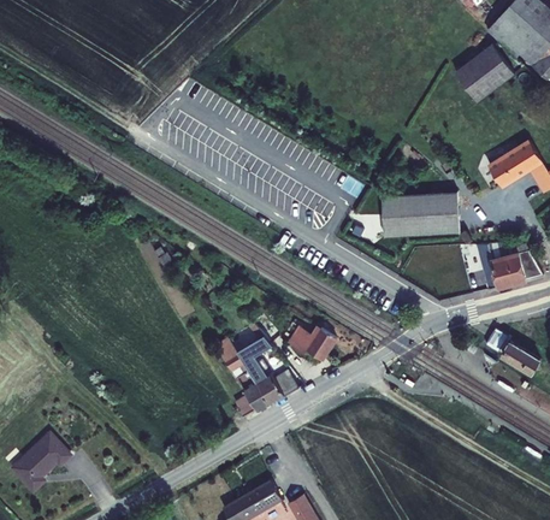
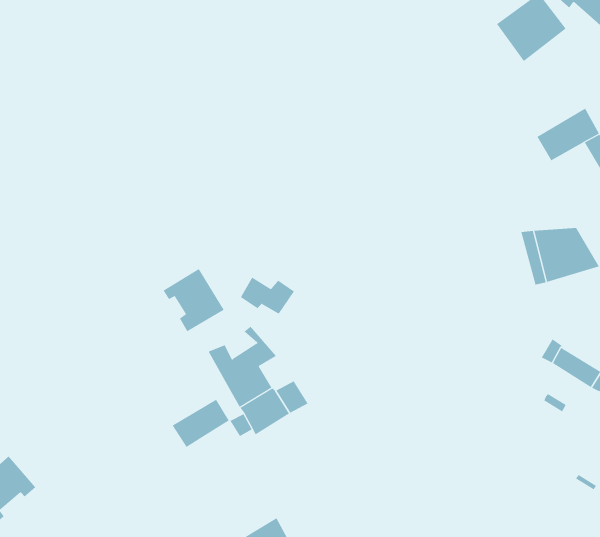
building: [384,194,461,234] -> none
building: none -> [163,268,224,332]
building: [288,327,333,359] -> [240,277,295,314]
building: none -> [172,399,229,448]

